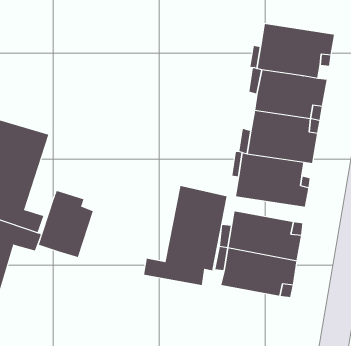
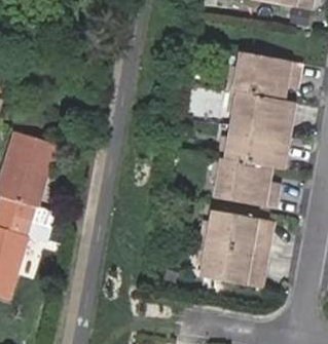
building: [144,185,227,286] -> none
building: [38,190,94,258] -> none

